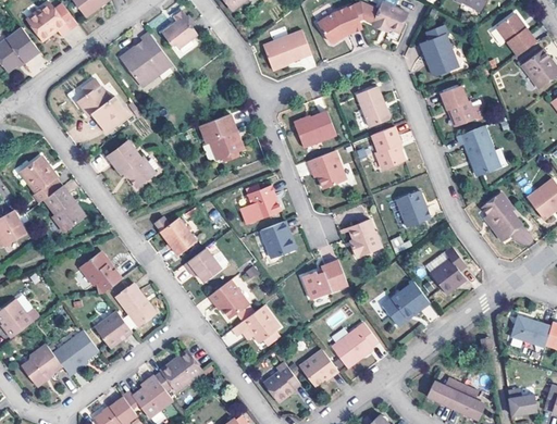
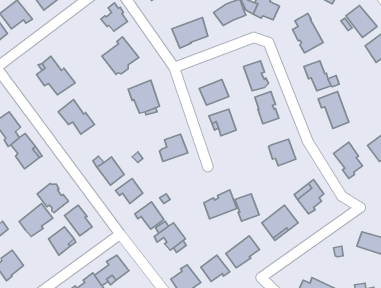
building: [121,32,171,83] -> [102,37,139,75]
building: [349,221,382,258] -> [235,194,259,221]
building: [262,222,296,258] -> none
building: [51,327,97,372] -> [19,204,53,237]

